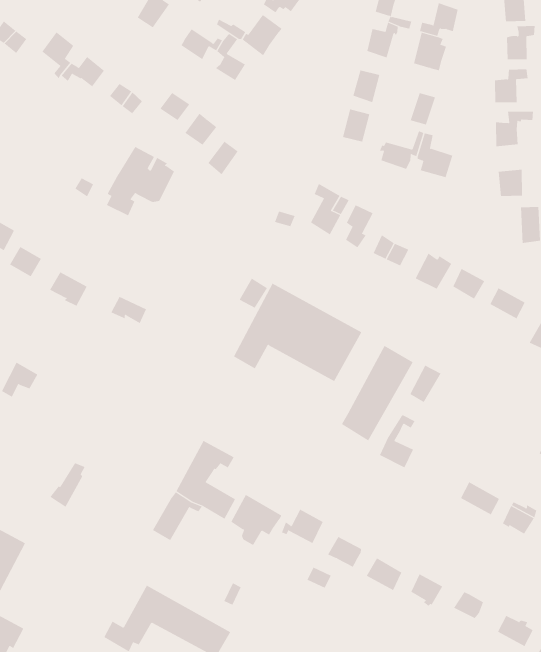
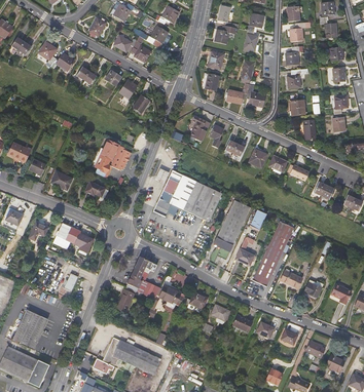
building: [106,146,175,216] -> [95,140,131,178]
building: none -> [52,222,93,251]
building: none -> [252,221,294,285]

